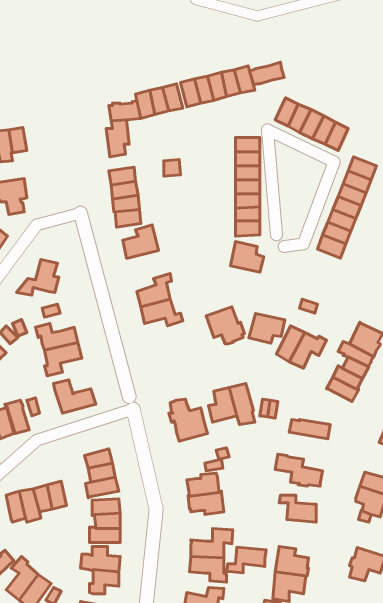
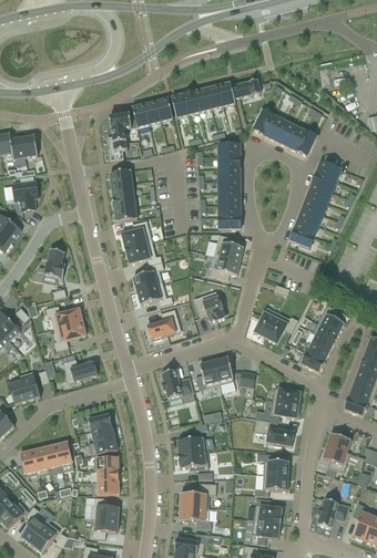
building: none -> [124,241,162,266]
building: [249,314,285,343] -> [208,255,240,280]
building: none -> [146,309,181,340]
building: none -> [255,399,298,422]
building: [227,547,266,573] -> [254,474,288,496]

